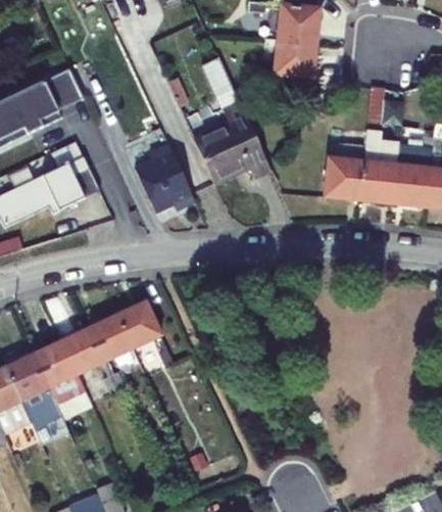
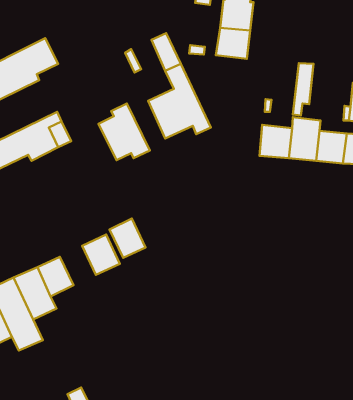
building: [88,312,131,359] -> [110,218,146,258]

